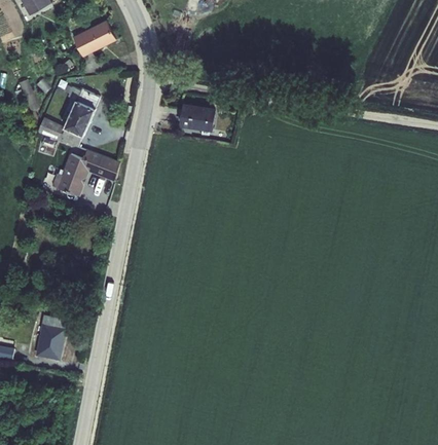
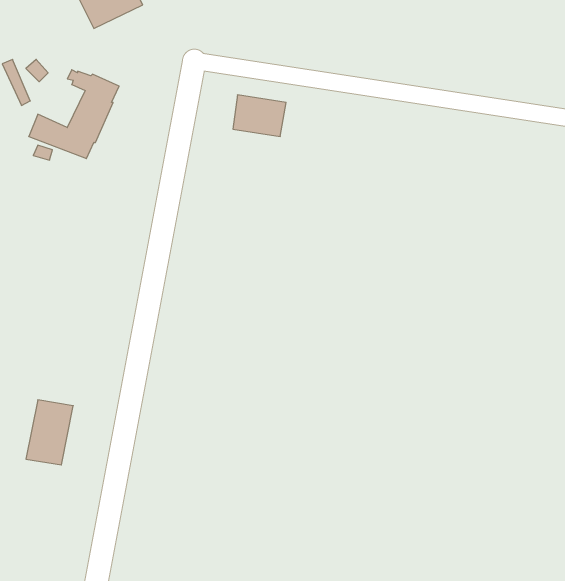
building: [51,149,119,195] -> none

